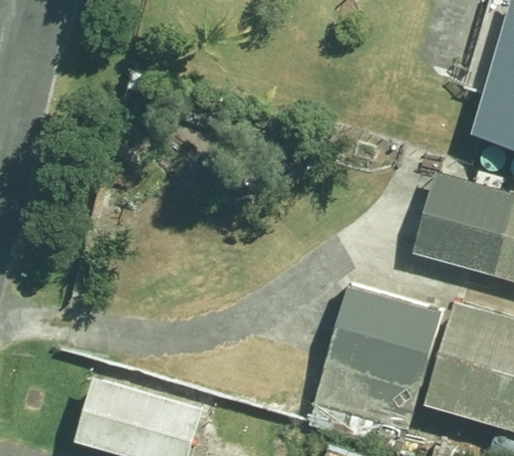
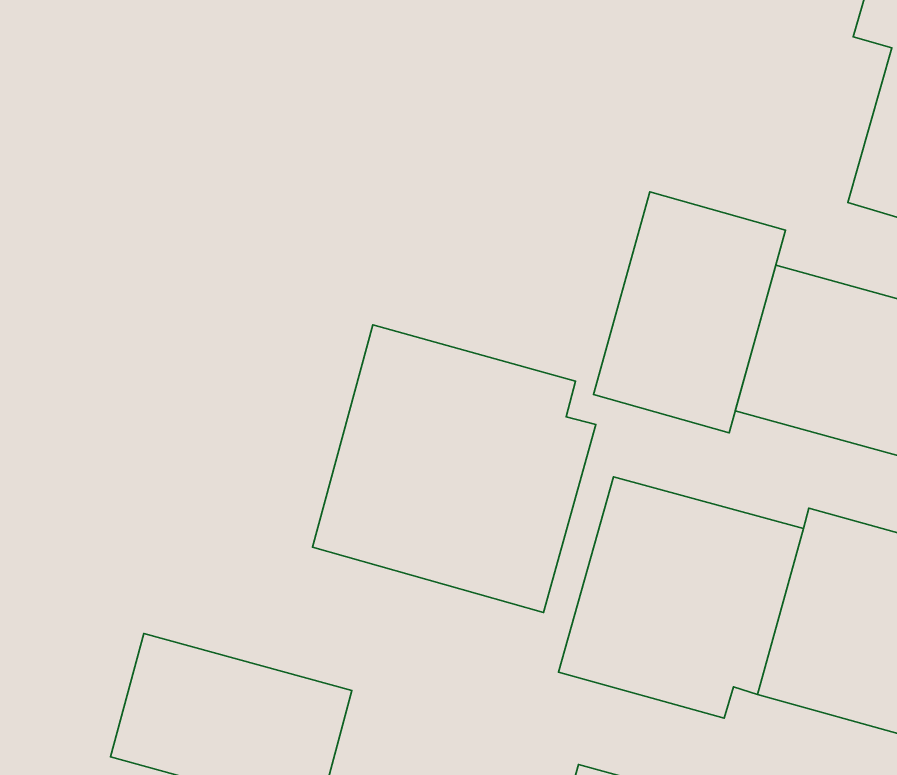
building: none -> [594,192,785,433]
building: none -> [312,325,596,613]

